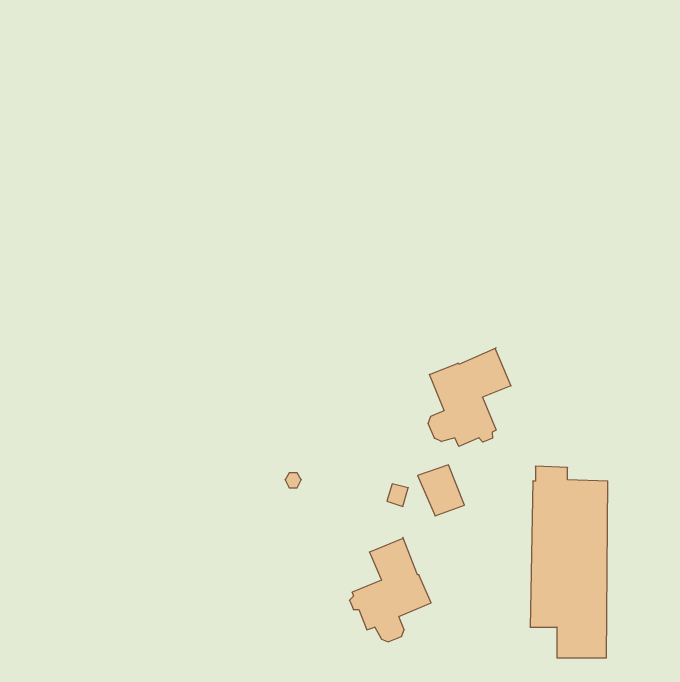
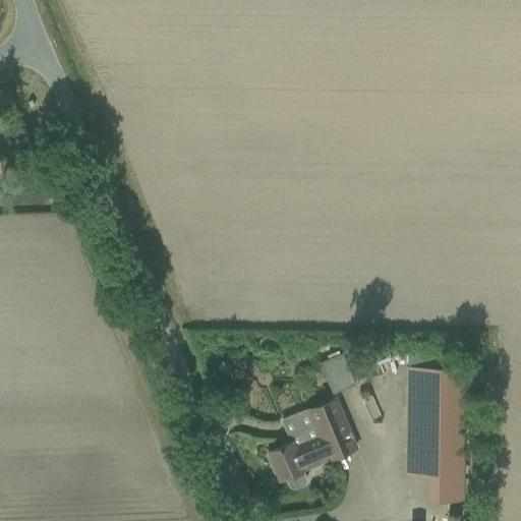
building: [428,348,511,446] -> none
building: none -> [309,398,358,461]

